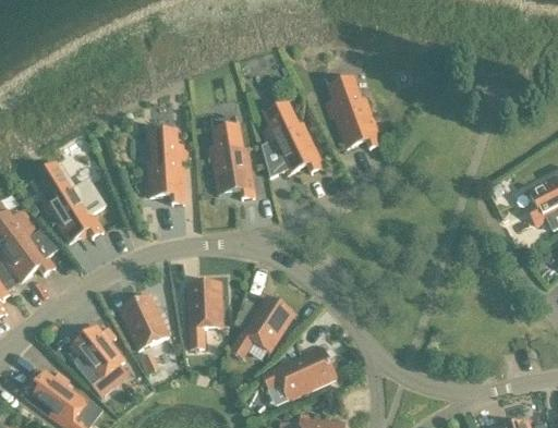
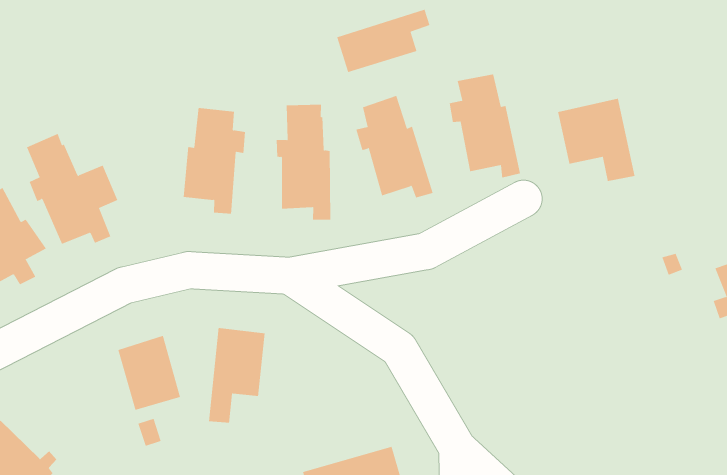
building: none -> [337,9,430,73]
building: none -> [558,98,635,182]
building: [229,295,293,359] -> none
building: [70,325,124,395] -> none

